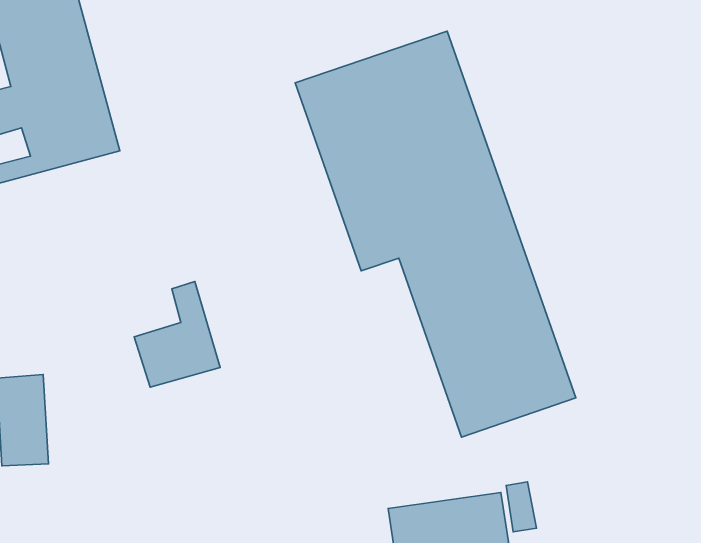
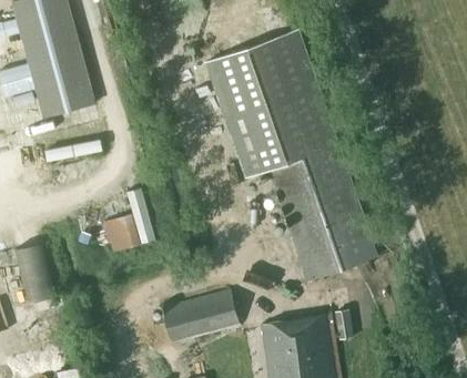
building: none -> [162,290,238,340]

